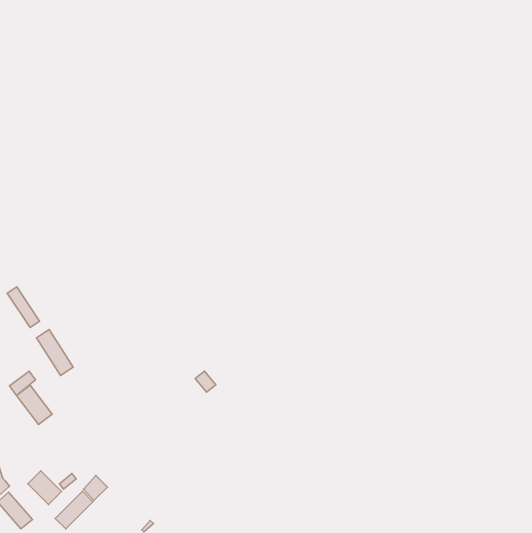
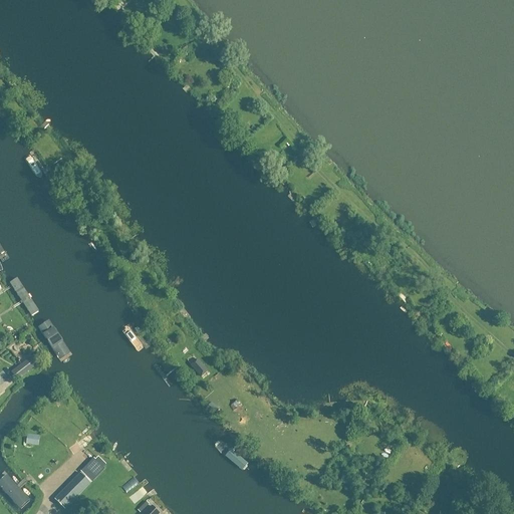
building: [17,385,52,424] -> none
building: [28,471,62,505] -> none

